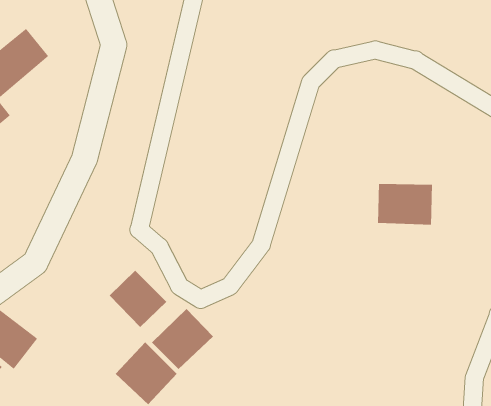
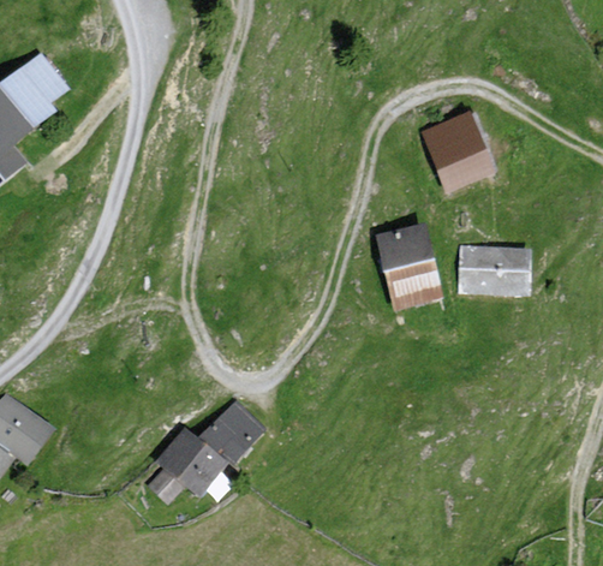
building: none -> [422,113,495,192]
building: none -> [372,224,437,310]
building: [109,270,167,328] -> none

